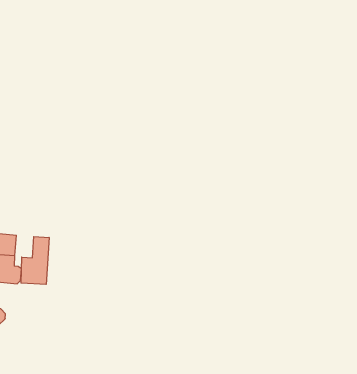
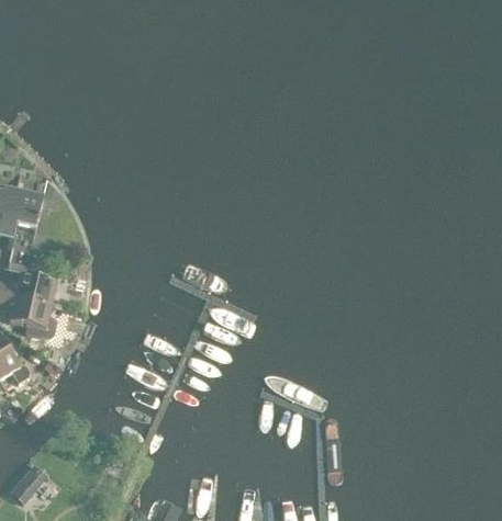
building: [21,237,49,284] -> none

